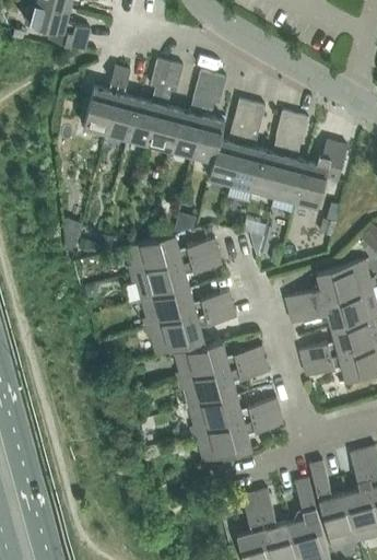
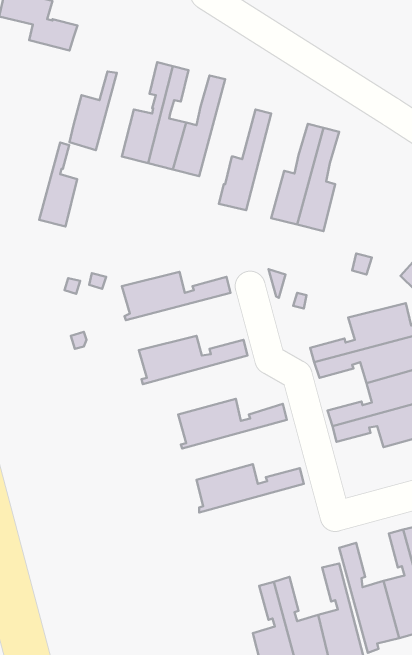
building: [105,69,137,139] -> [39,143,77,226]
building: [191,74,226,162] -> none
building: [231,103,264,190] -> none
building: [295,141,346,207] -> none
building: [130,253,221,301] -> none
building: [144,305,235,355] -> none
building: [177,359,268,409] -> none
building: [191,412,283,463] -> none

